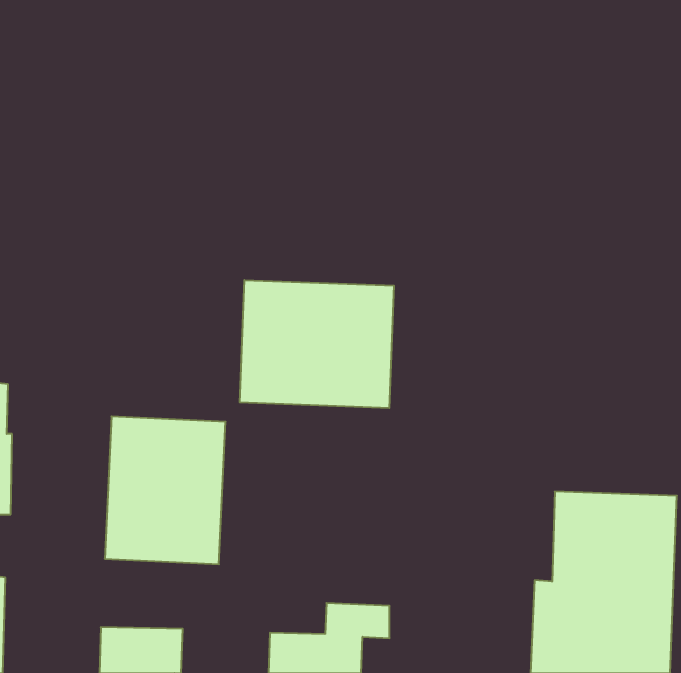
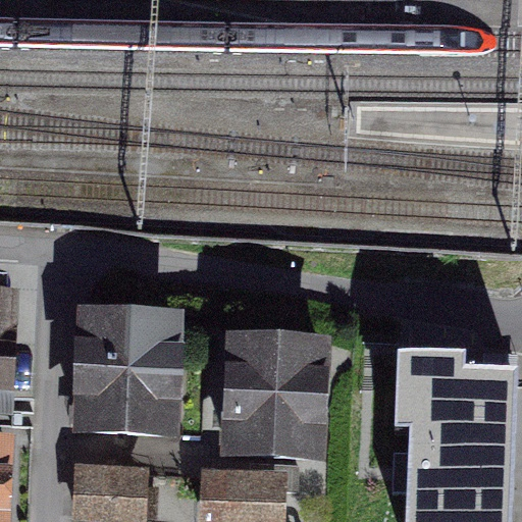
building: [240,280,394,408] -> none
building: none -> [227,341,319,452]

